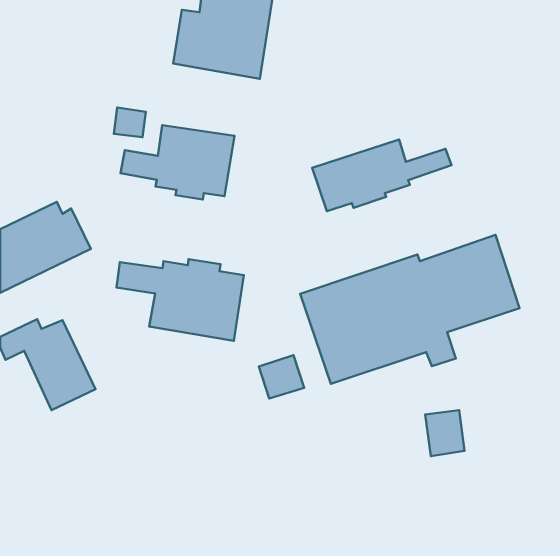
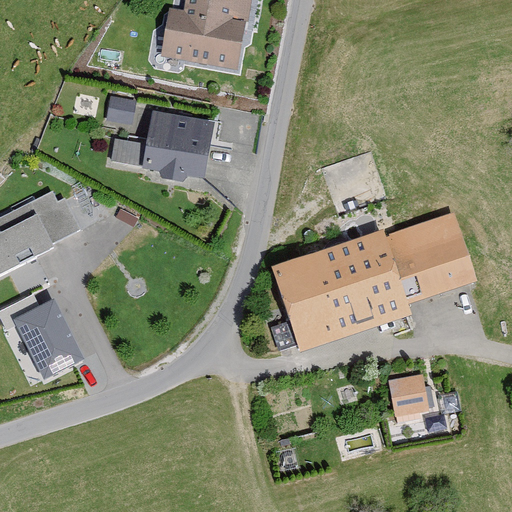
building: [312,140,452,211] -> none
building: [117,259,244,341] -> none
building: [259,355,304,398] -> none

